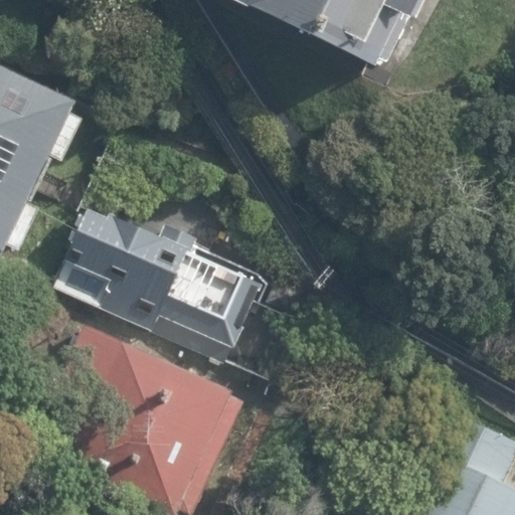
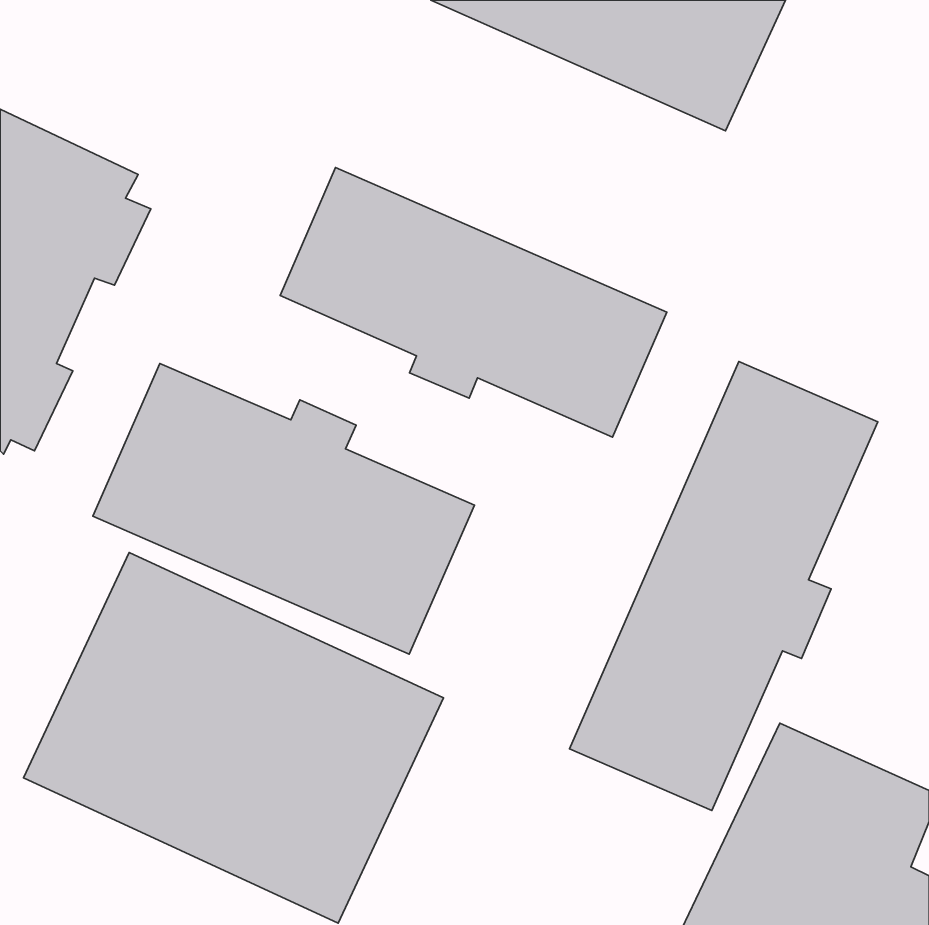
building: none -> [280,167,667,437]
building: none -> [569,362,878,810]

